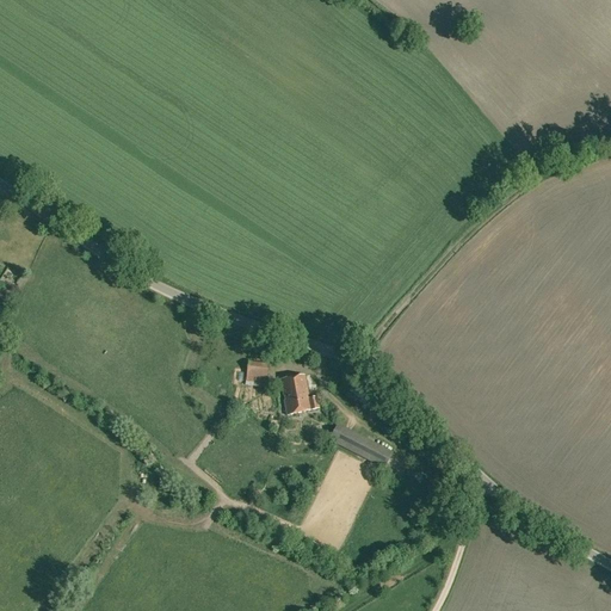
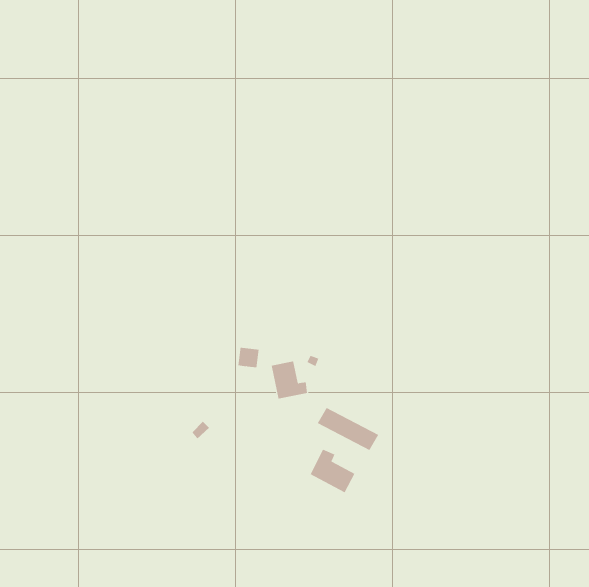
building: none -> [310,449,355,493]

